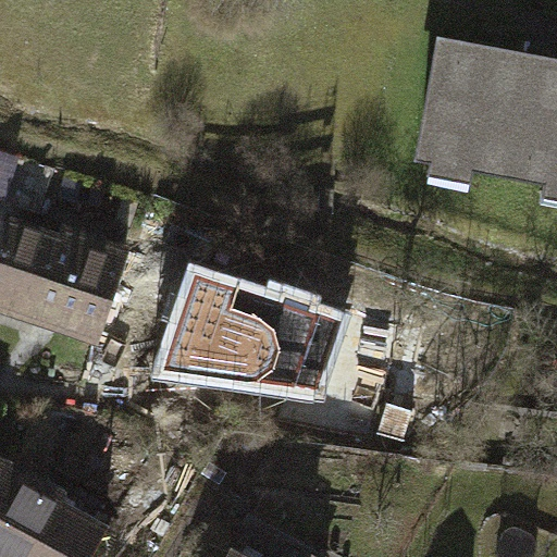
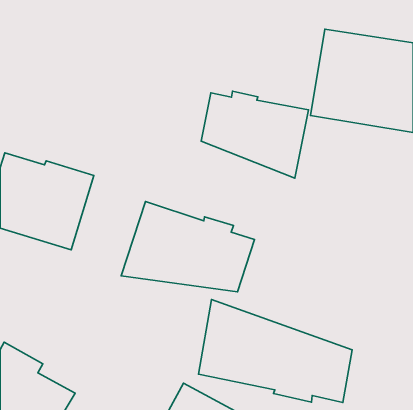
building: none -> [201,91,309,178]
building: none -> [198,299,352,402]

